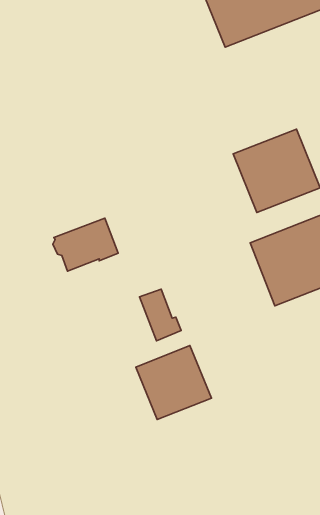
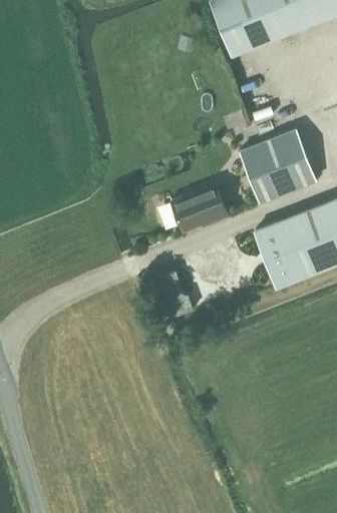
building: [53,218,118,271] -> [171,184,229,231]
building: [136,346,211,420] -> none

